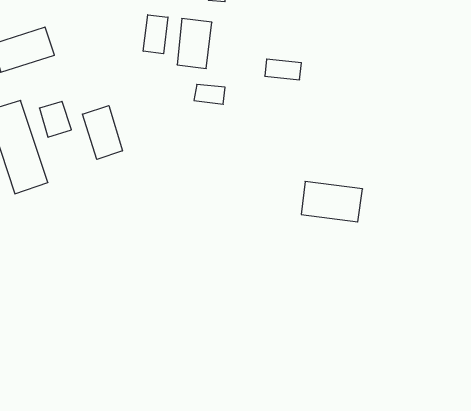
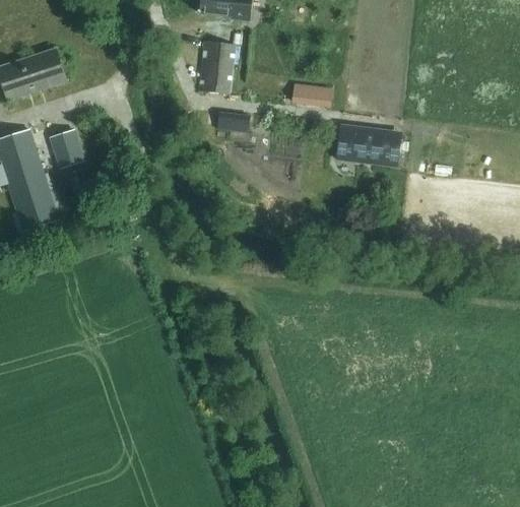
building: [143,15,168,54] -> none
building: [82,106,122,159] -> none
building: [301,181,363,222] -> [336,123,402,167]

